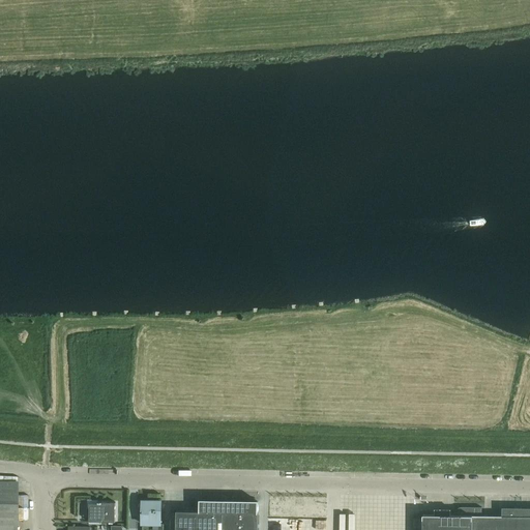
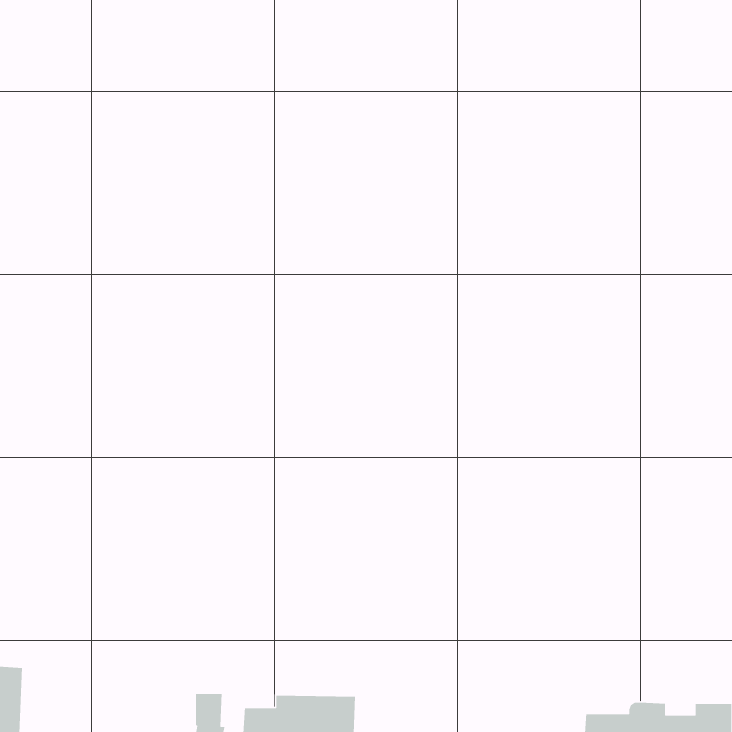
building: [88,502,114,523] -> none

